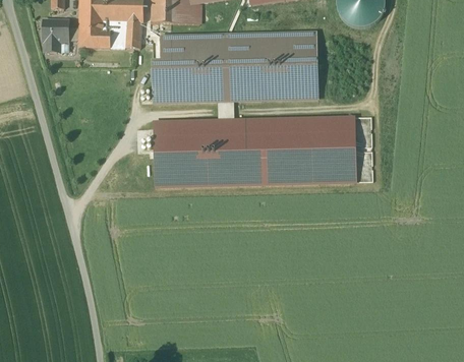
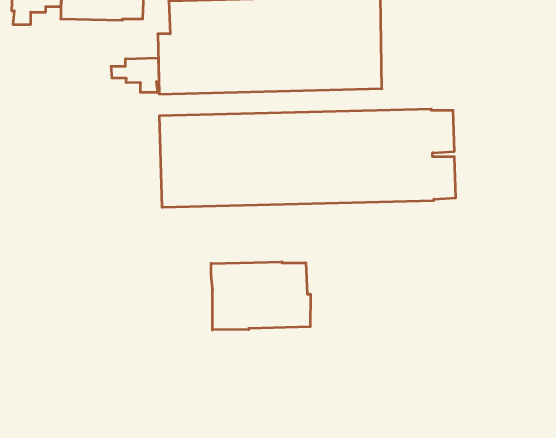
building: none -> [111,58,159,93]
building: none -> [211,262,310,330]

